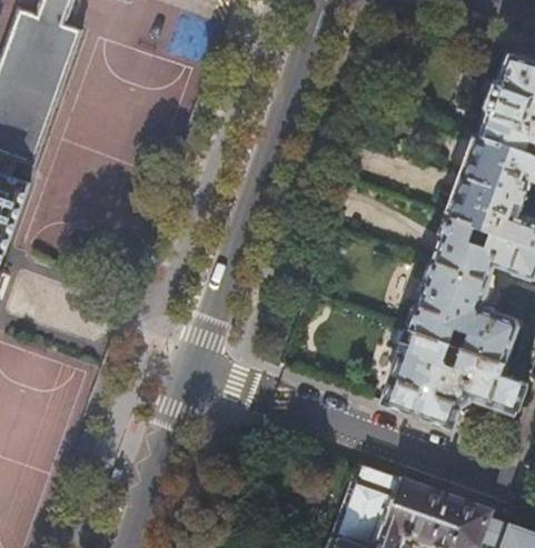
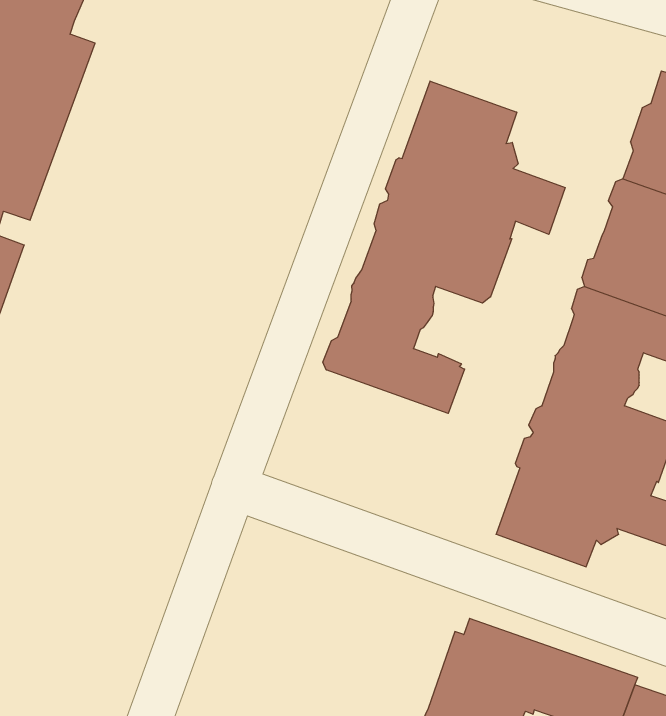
building: none -> [323,81,565,413]

